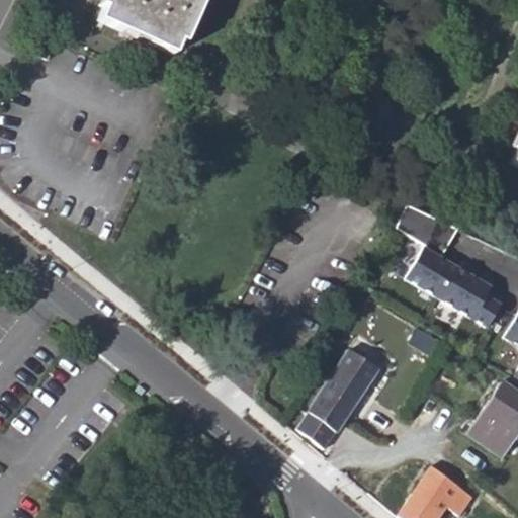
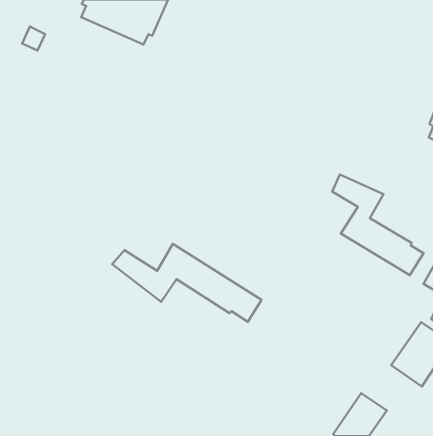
building: none -> [112,244,261,322]
building: [296,343,379,442] -> none

